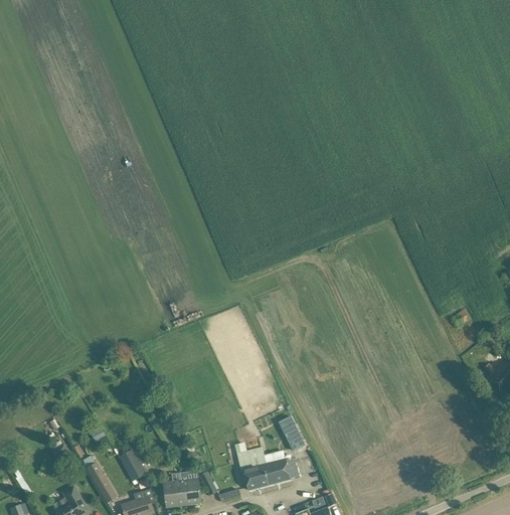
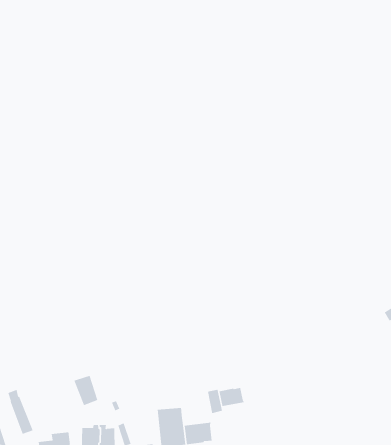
building: none -> [219,387,245,407]
building: [118,449,146,481] -> [73,375,98,406]

